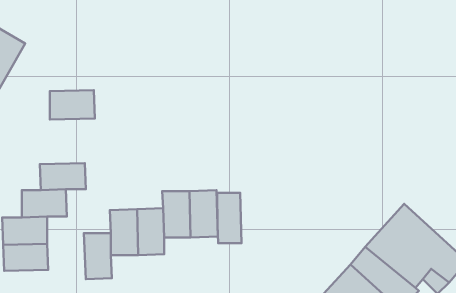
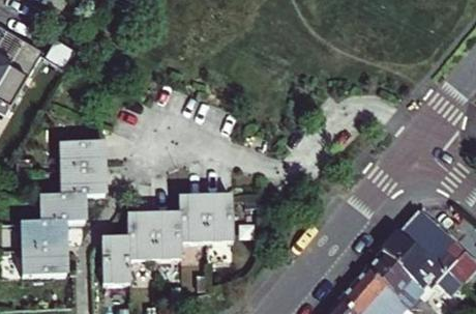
building: [50,90,95,120] -> [58,141,102,170]
building: [217,193,241,243] -> none

